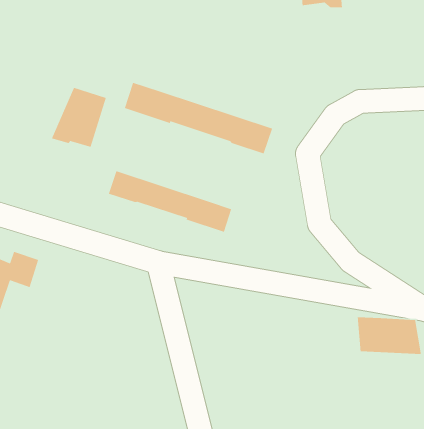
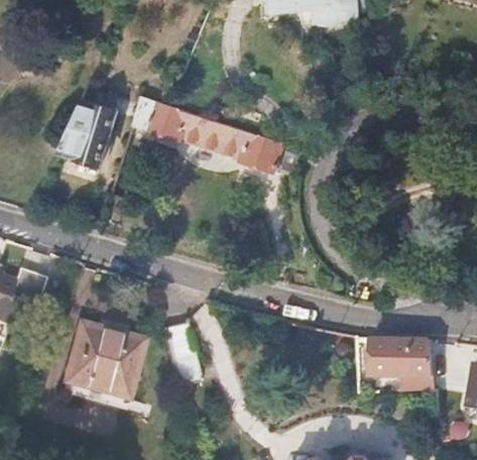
building: [108,170,232,233] -> none
building: none -> [64,325,142,399]

